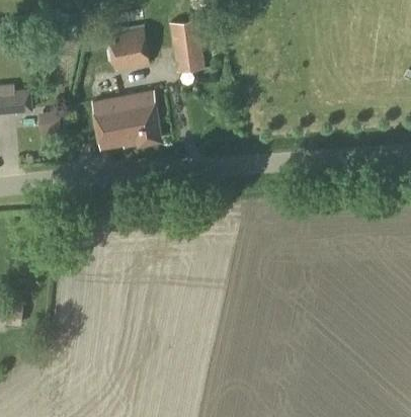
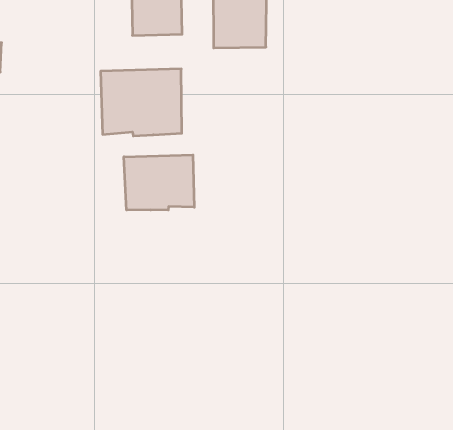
building: none -> [124,155,194,210]

